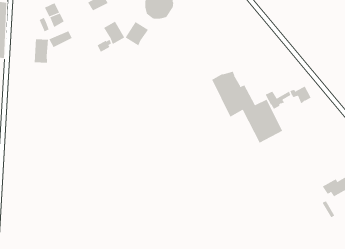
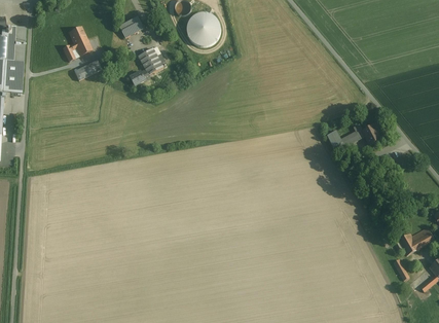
building: [125,21,149,46] -> none
building: [34,38,49,63] -> none
building: [211,71,283,143] -> none

